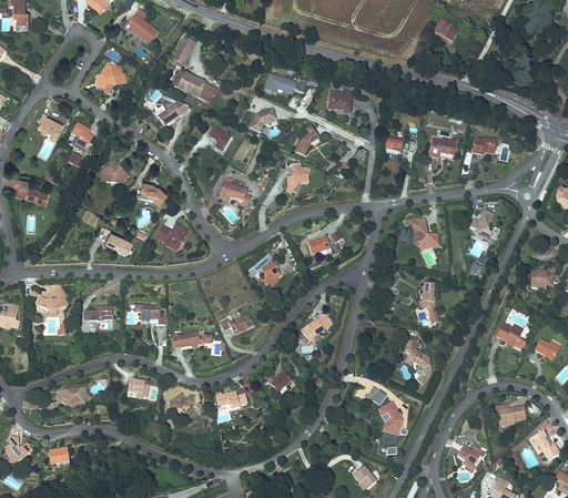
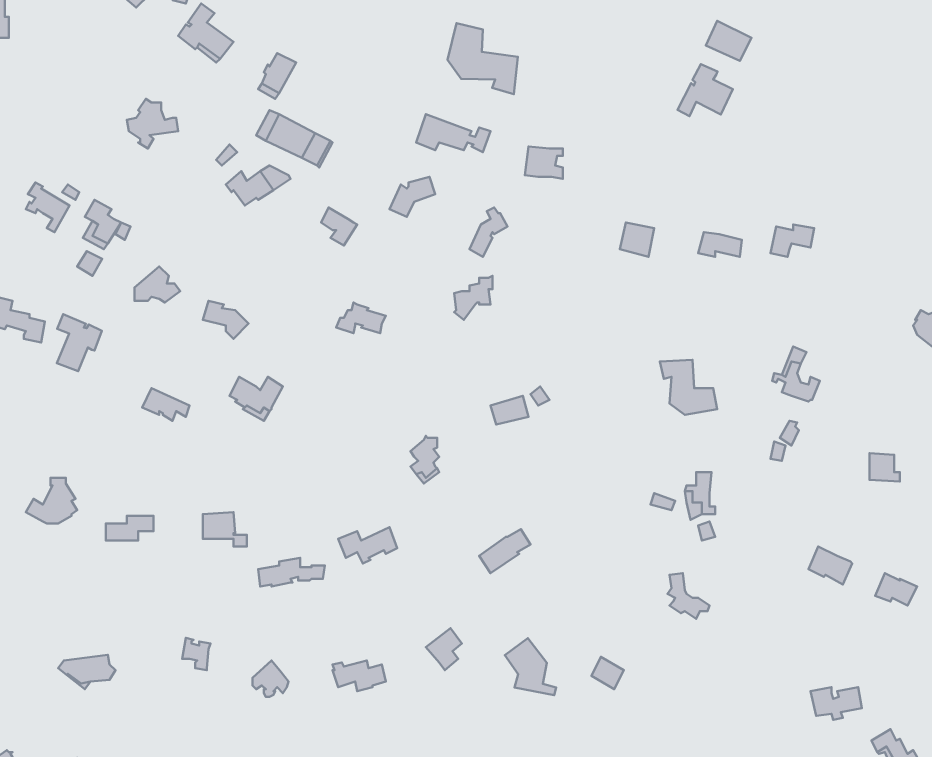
building: none -> [448,23,518,94]
building: none -> [677,64,733,116]
building: none -> [57,314,102,371]
building: [379,403,409,436] -> [505,638,556,695]

